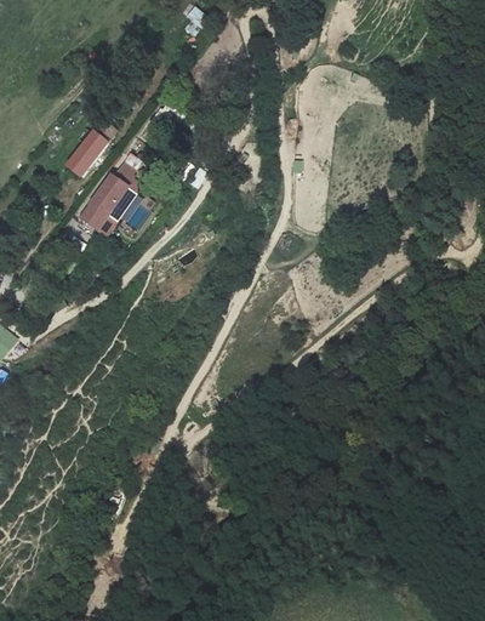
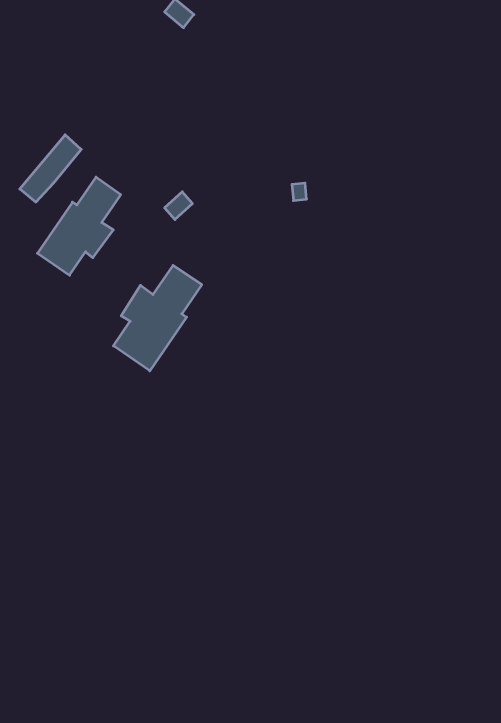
building: none -> [113,265,202,371]

